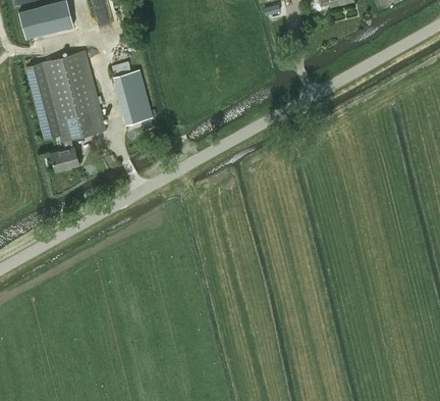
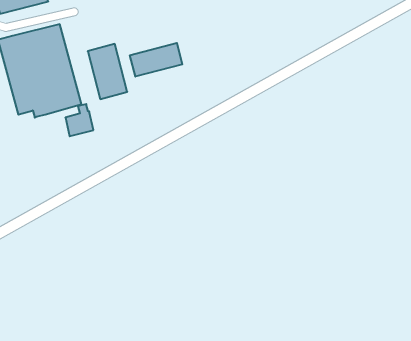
building: none -> [130,43,182,77]
building: [51,139,78,170] -> [65,104,93,136]

